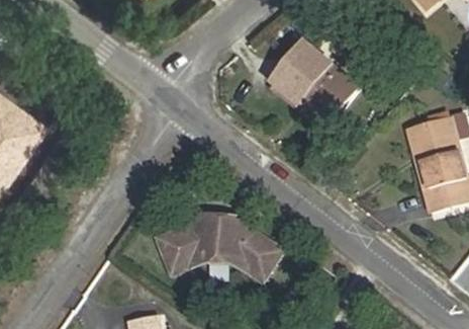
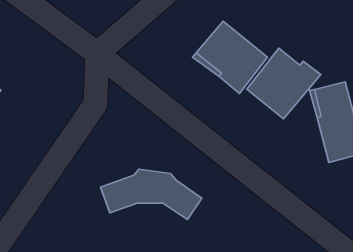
building: none -> [247,48,321,119]
building: [159,224,287,286] -> none

